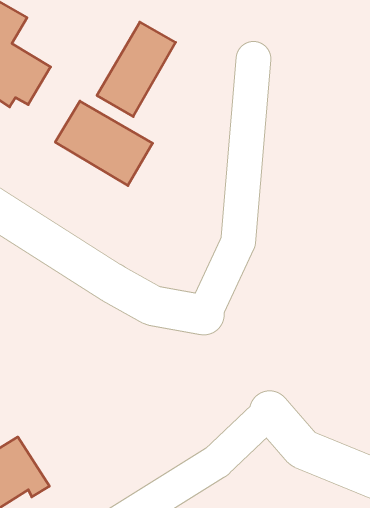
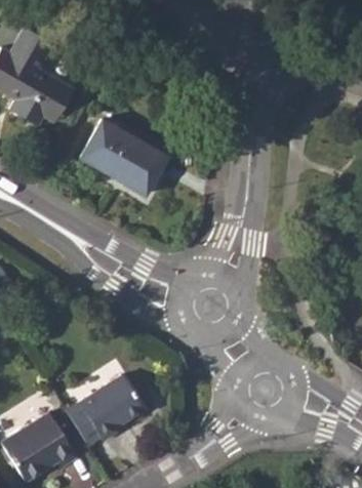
building: [97,22,176,117] -> none
building: none -> [63,375,142,446]

